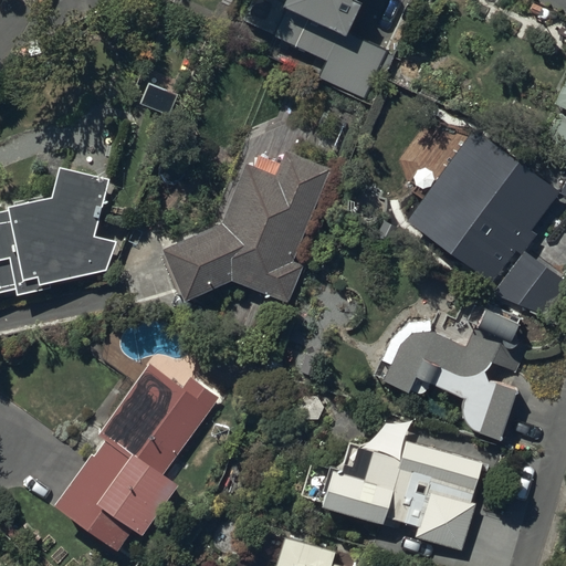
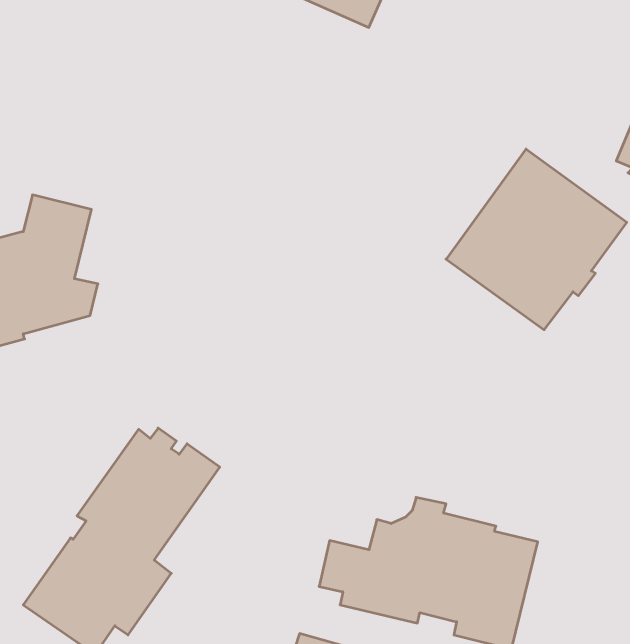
building: [161,149,329,304] -> none
building: [493,250,557,310] -> none
building: [373,304,525,442] -> none

